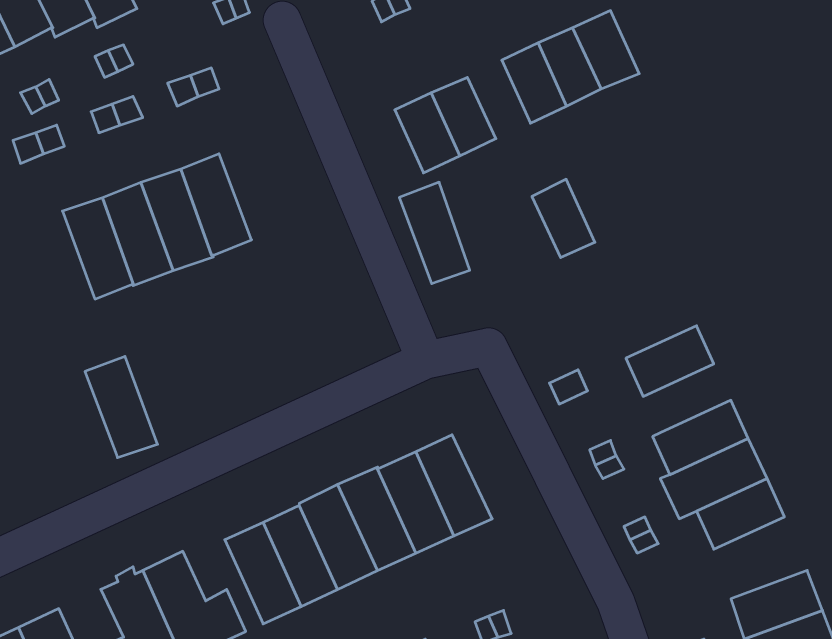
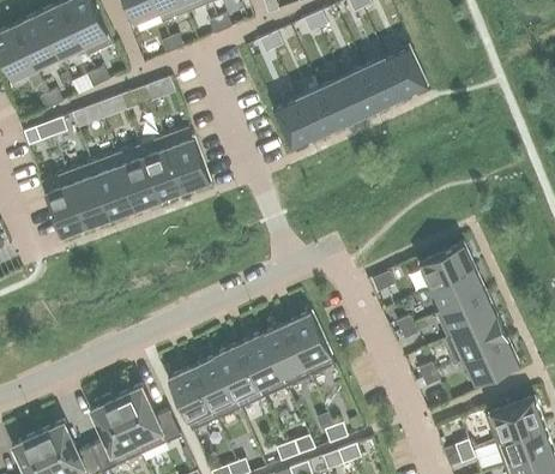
building: [532,179,595,258] -> [320,77,360,126]
building: [399,182,470,284] -> [164,126,209,190]
building: [85,356,158,458] -> [41,172,86,235]
building: none -> [430,268,485,311]

